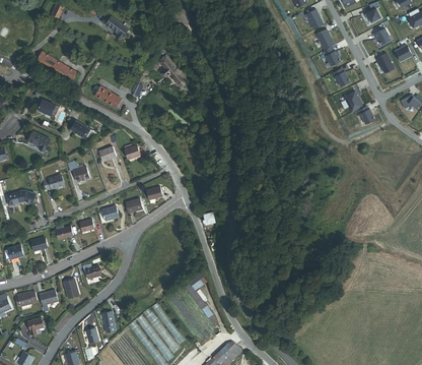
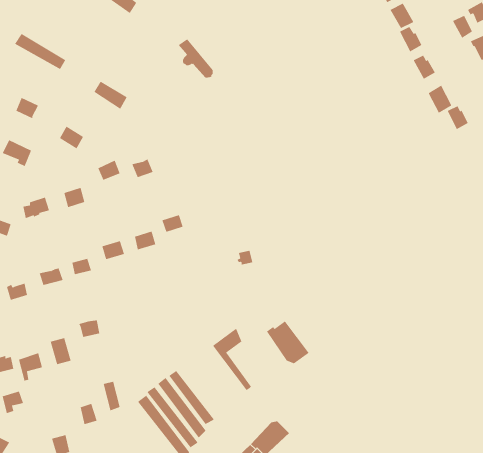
building: none -> [266,321,310,364]

